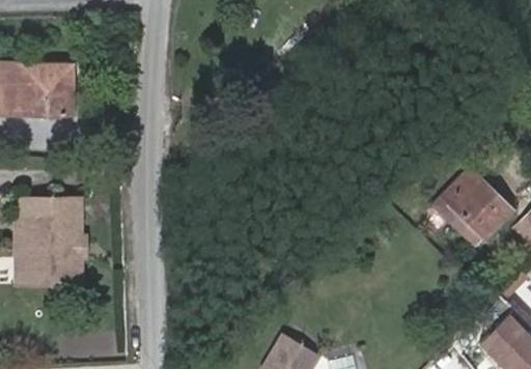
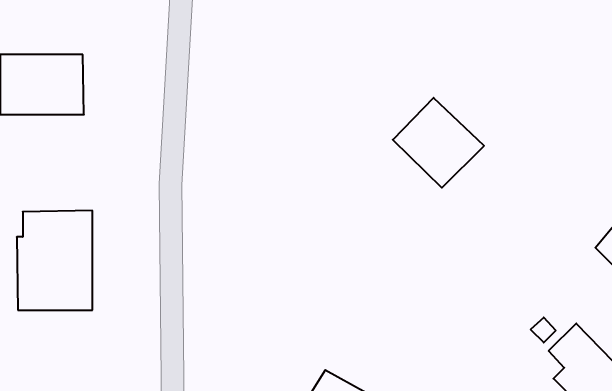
building: [434,169,512,247] -> [393,98,484,188]

